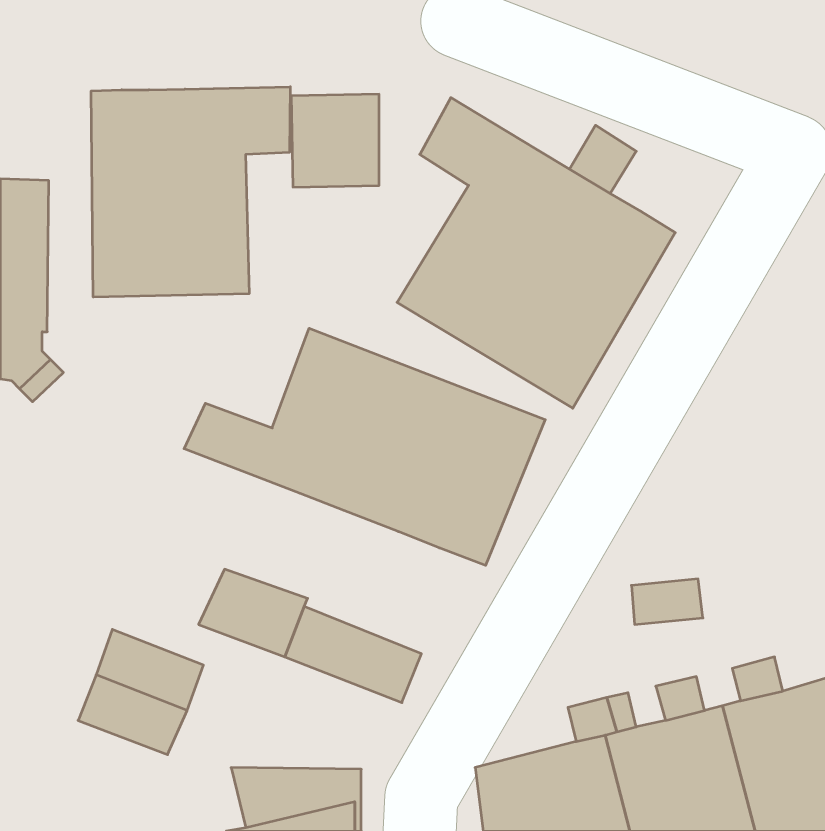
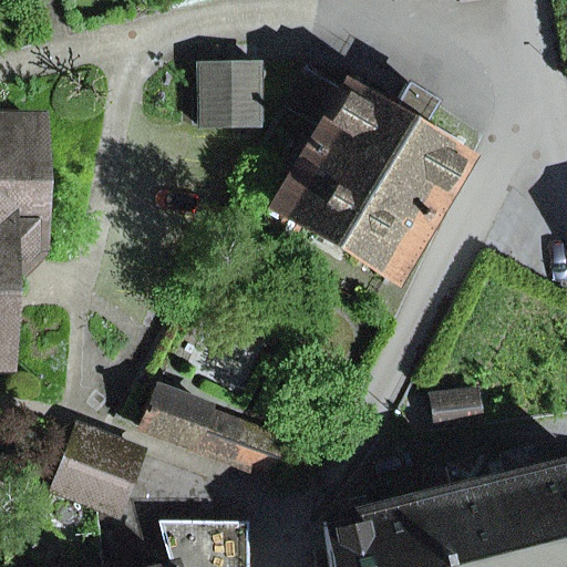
building: [91,87,290,297] -> none
building: [184,328,545,565] -> none

